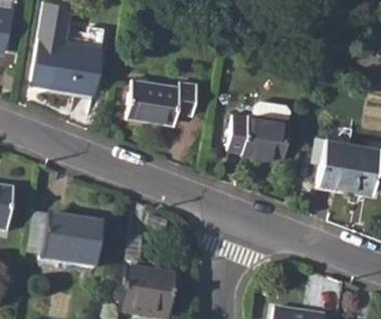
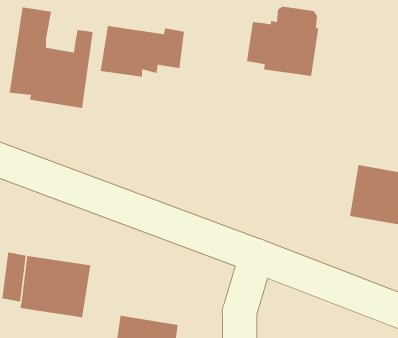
building: [126,77,197,121] -> [100,26,185,77]
building: [228,102,290,161] -> [246,6,319,77]

